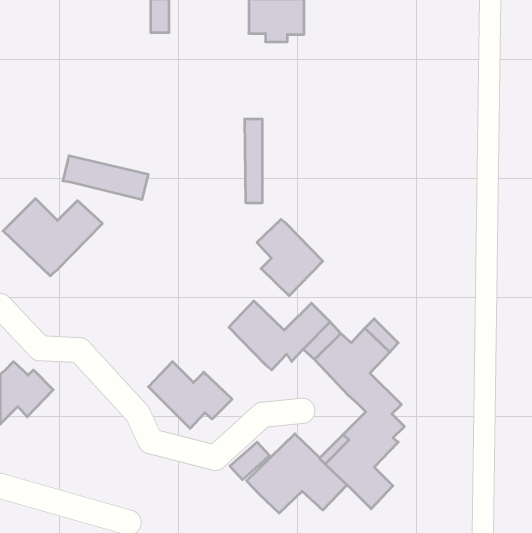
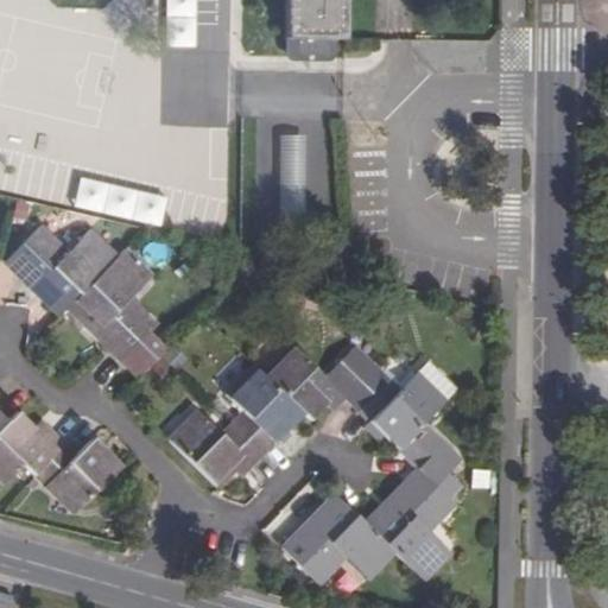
building: [257,219,323,296] -> [229,367,304,454]
building: none -> [68,249,173,376]
building: none -> [33,437,121,513]

